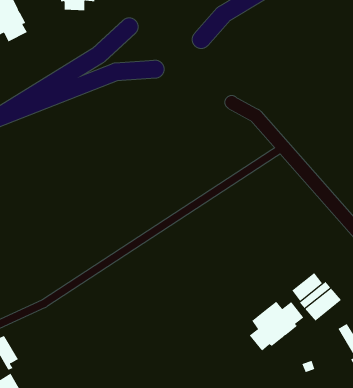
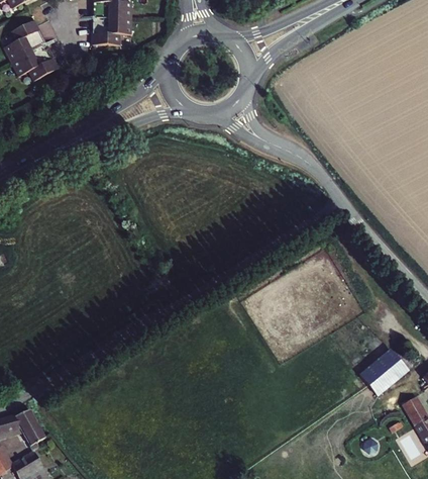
building: [291,272,323,302] -> none
building: [249,301,304,352] -> none

